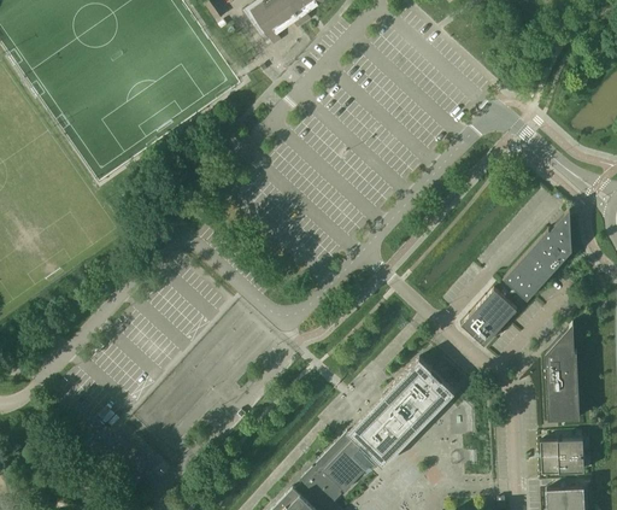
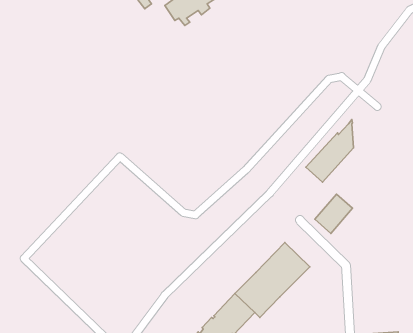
building: [504,209,572,299] -> [306,120,353,182]
building: [545,322,581,420] -> none
building: [541,439,582,473] -> none

